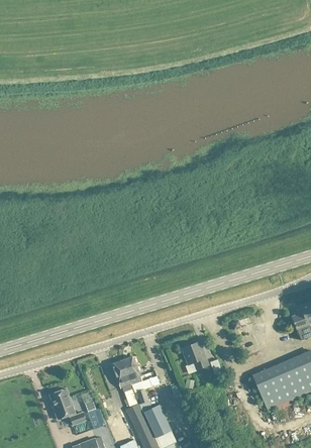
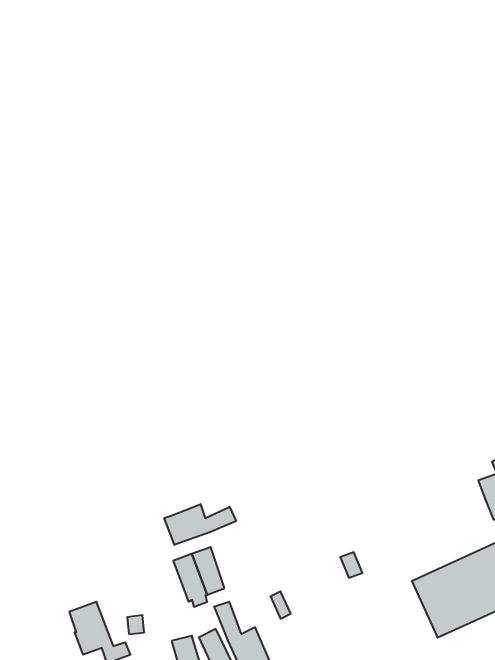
building: none -> [164,504,236,545]
building: [182,342,208,369] -> none

